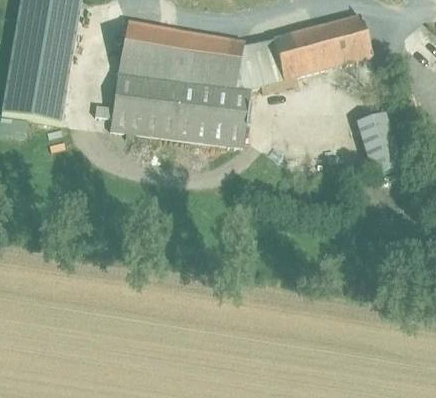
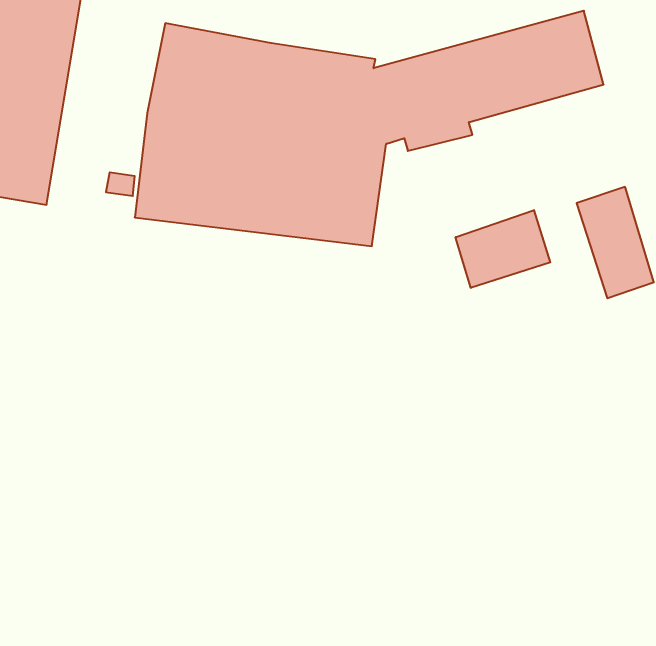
building: none -> [456,210,550,288]

